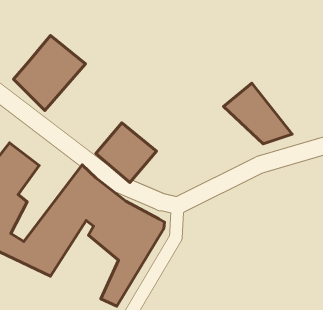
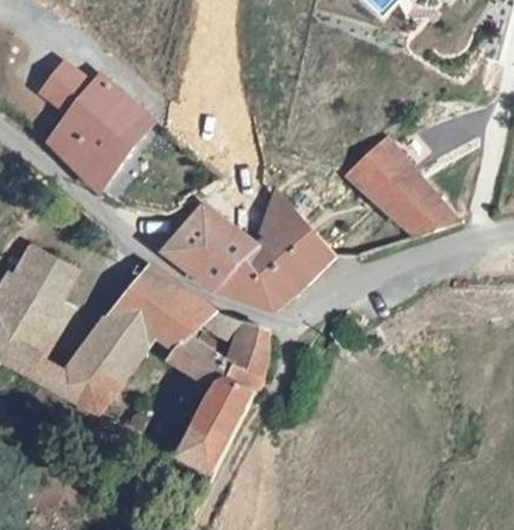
building: none -> [43,63,92,111]
building: none -> [217,193,336,308]

